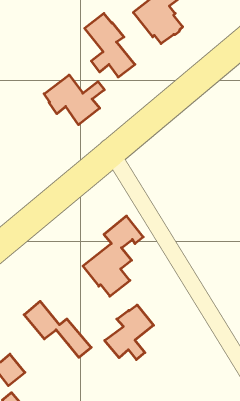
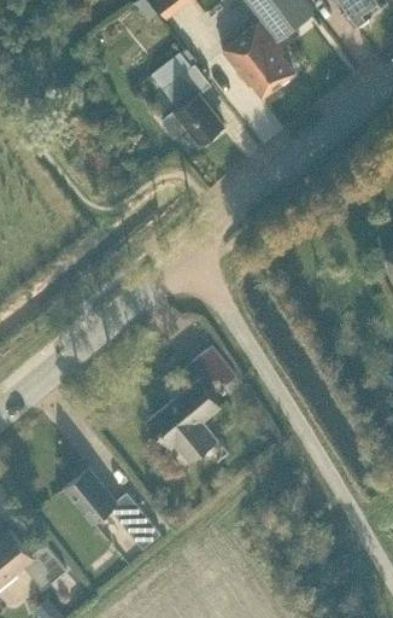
building: [44,75,104,125] -> none
building: [105,305,154,360] -> none

